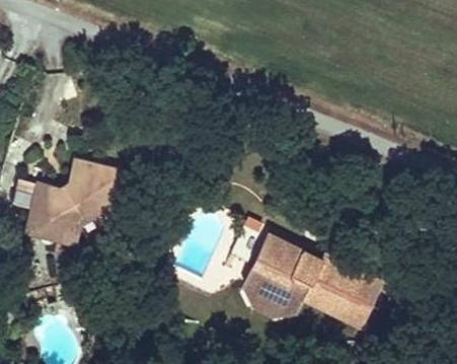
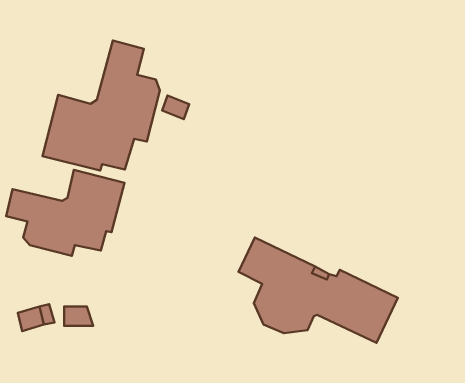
building: none -> [43,40,160,170]

